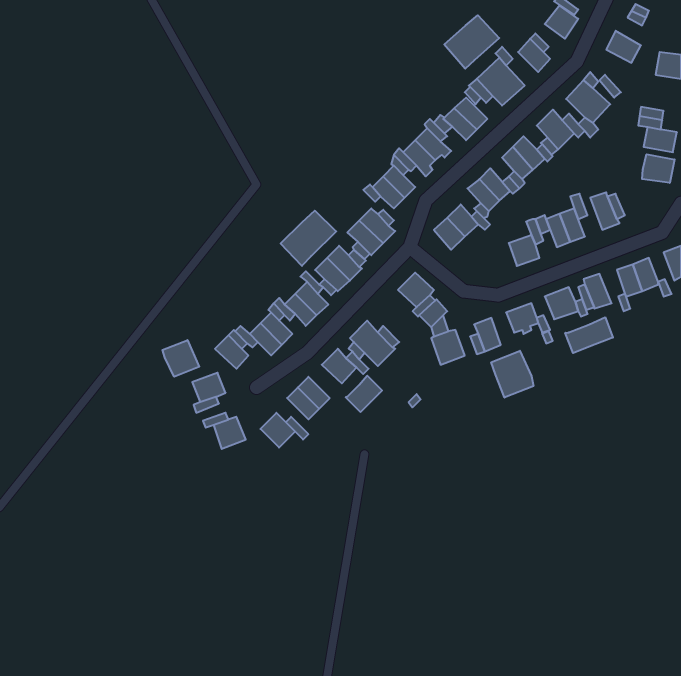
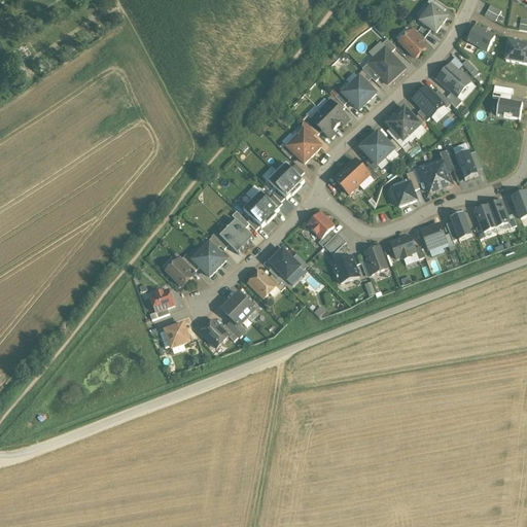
building: [444,15,499,69] -> none
building: [642,154,675,183] -> none
building: [281,211,336,266] -> none
building: [565,317,613,353] -> none
building: [162,340,199,377] -> none
building: [491,351,533,398] -> none
building: [346,376,382,412] -> none

